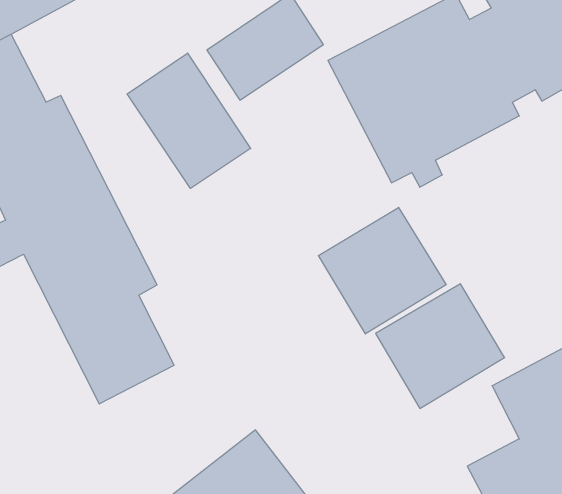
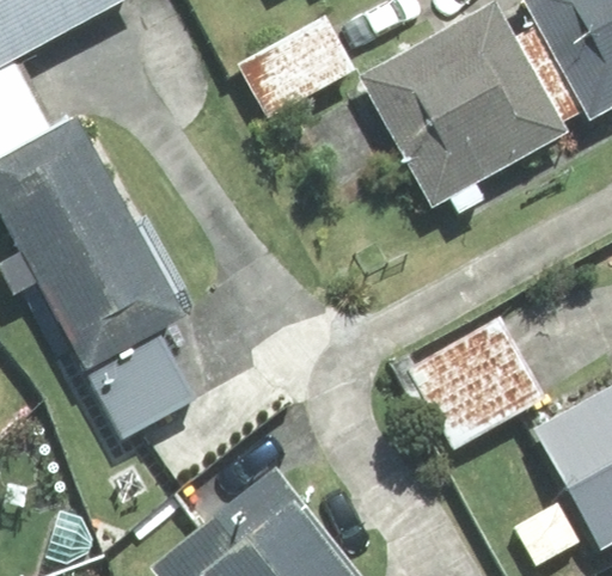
building: [127,53,251,188] -> none
building: [318,207,446,334] -> none

